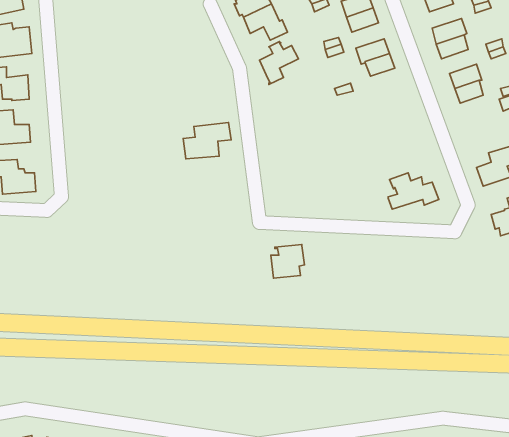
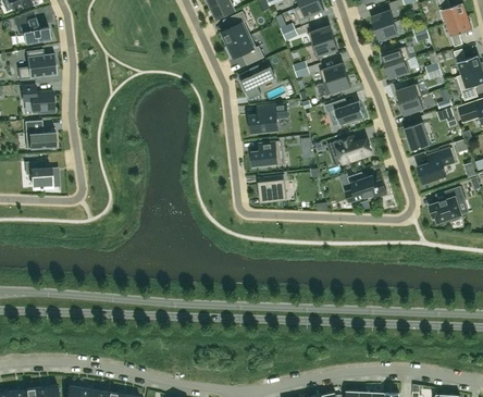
building: none -> [324,100,364,125]
building: none -> [404,122,431,151]
building: [183,123,231,159] -> [249,103,288,133]
building: none -> [333,136,371,164]
building: none -> [251,141,282,168]
building: [271,245,304,278] -> [259,175,286,202]

